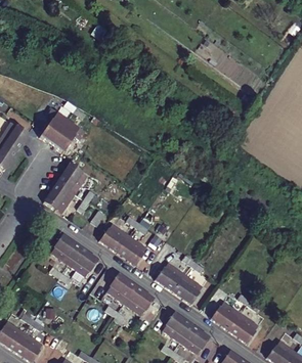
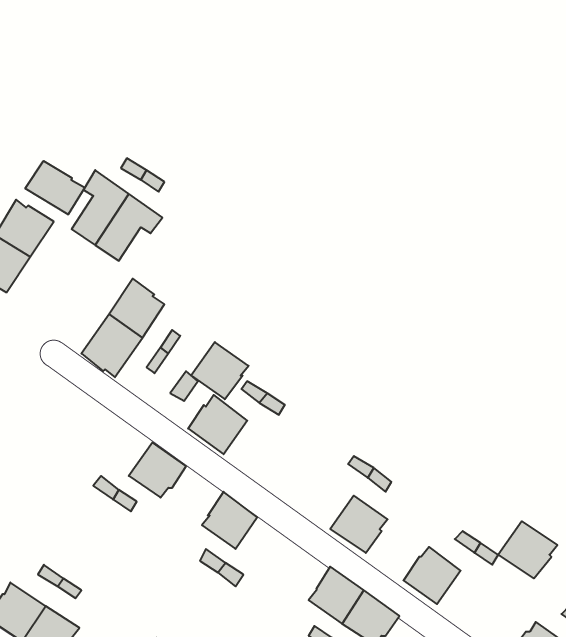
building: none -> [25,161,85,215]
building: [51,234,81,265] -> none
building: [118,236,147,266] -> [191,342,249,399]
building: [155,263,185,292] -> none
building: [124,286,154,315] -> none
building: [228,314,259,344] -> [498,521,557,578]

